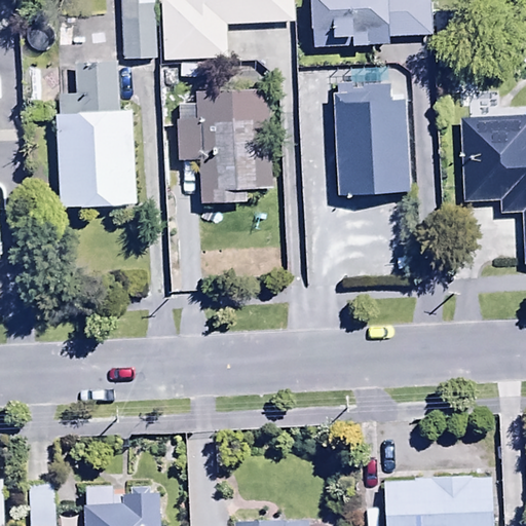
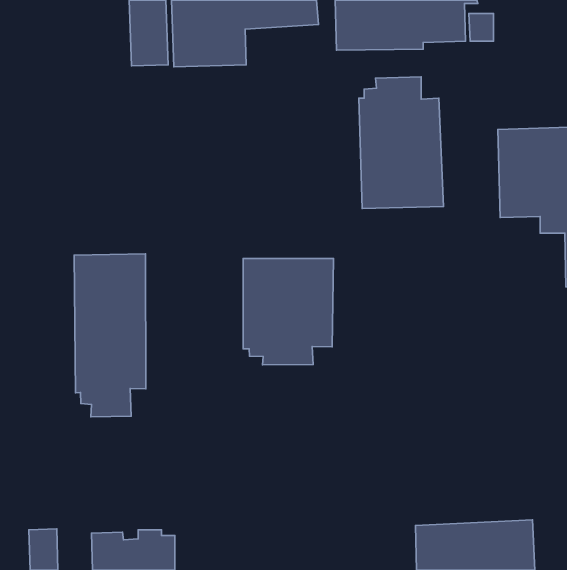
building: [59,63,134,204] -> none
building: [179,88,274,201] -> none
building: none -> [74,254,146,417]
building: none -> [243,258,333,365]

